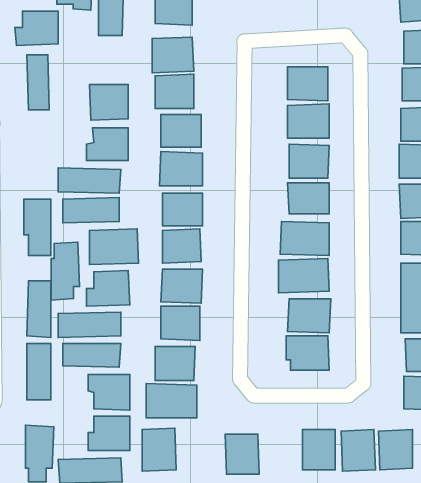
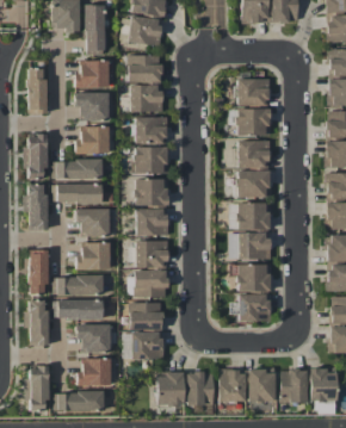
building: [15,11,58,45] -> [75,61,110,88]
building: [51,242,79,300] -> [26,134,49,180]
building: [142,428,176,471] -> [157,372,185,407]
building: none -> [220,371,246,402]

